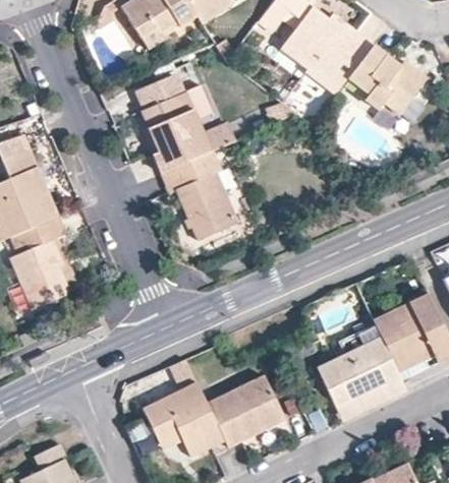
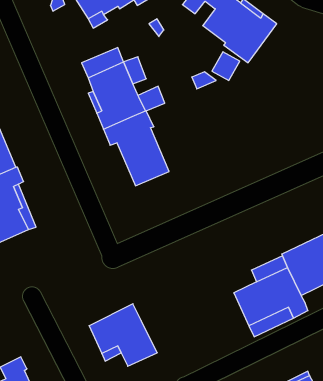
building: [346,44,420,112] -> none
building: [206,376,282,446] -> none

